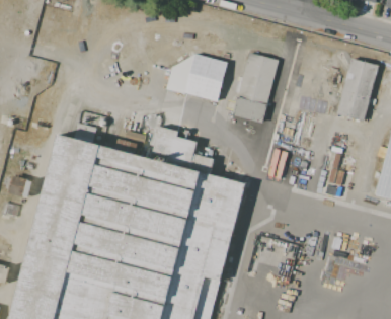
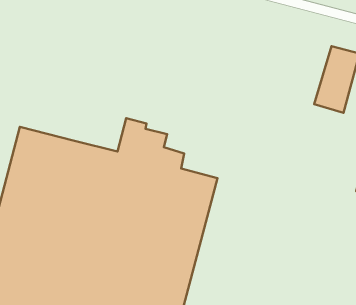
building: [233,53,279,123] -> none
building: [166,55,228,102] -> none

